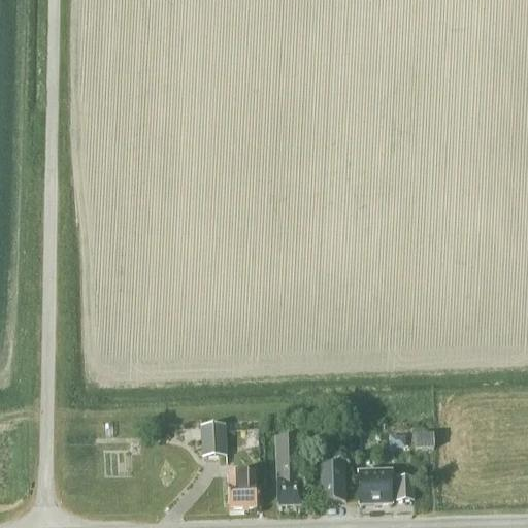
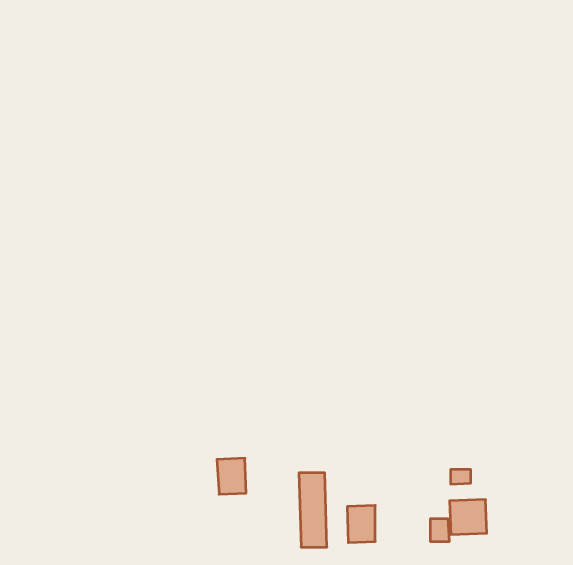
building: [358,468,392,500] -> [450,500,487,534]
building: [227,469,257,504] -> none

